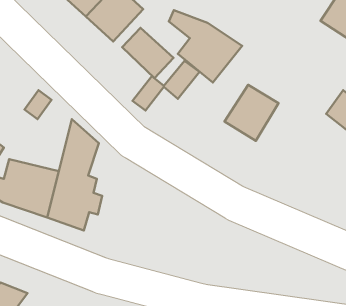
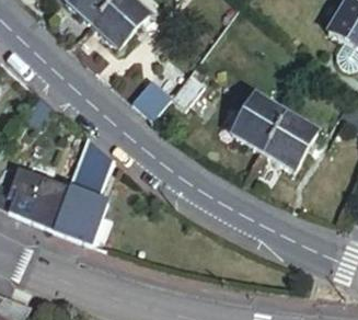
building: [169,10,242,83] -> none
building: [122,28,174,78] -> none
building: none -> [263,111,316,169]

